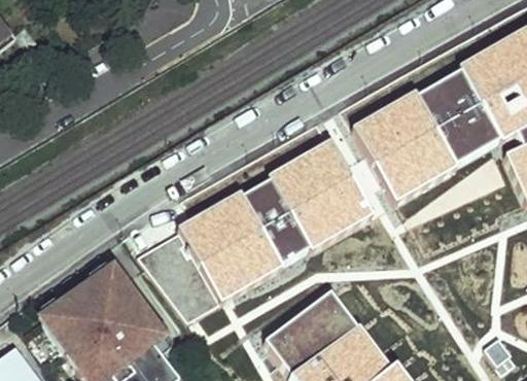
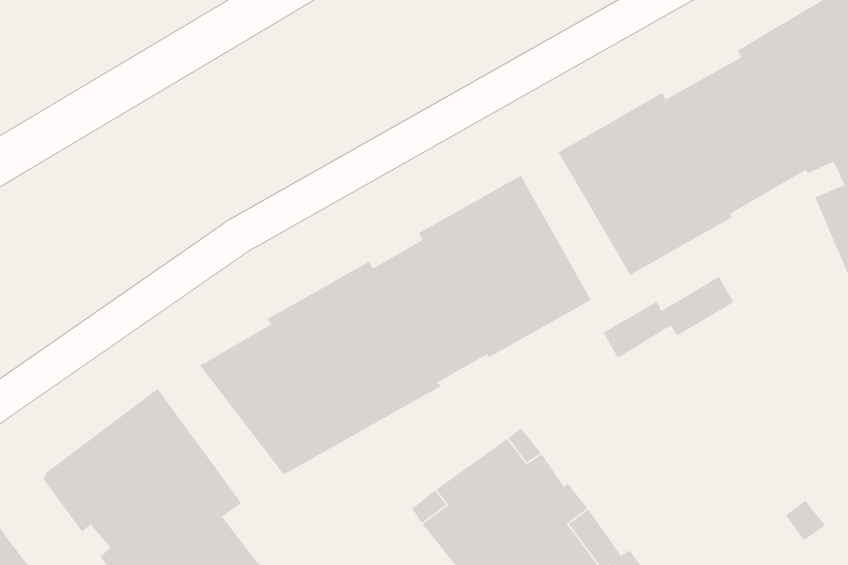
building: none -> [602,276,734,359]

